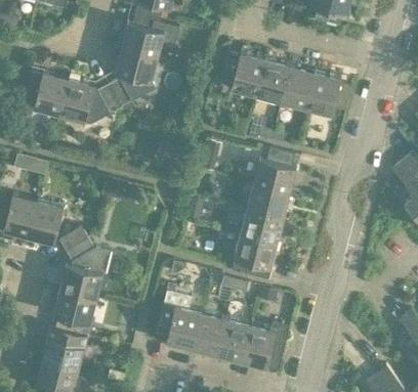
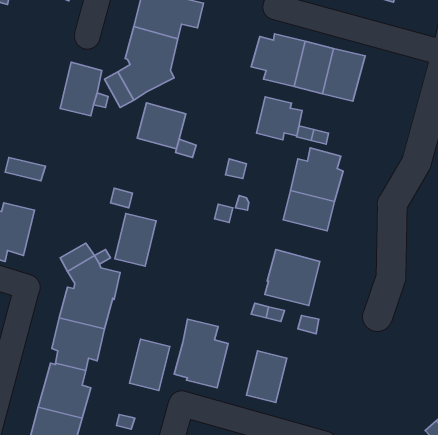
building: [23,70,69,115] -> none
building: [304,71,350,116] -> none
building: none -> [256,97,302,140]
building: none -> [137,103,186,149]
building: [29,200,64,244] -> [115,213,156,266]
building: [240,208,283,243] -> none
building: [191,311,224,354] -> [129,339,170,391]
building: [240,322,288,371] -> none

